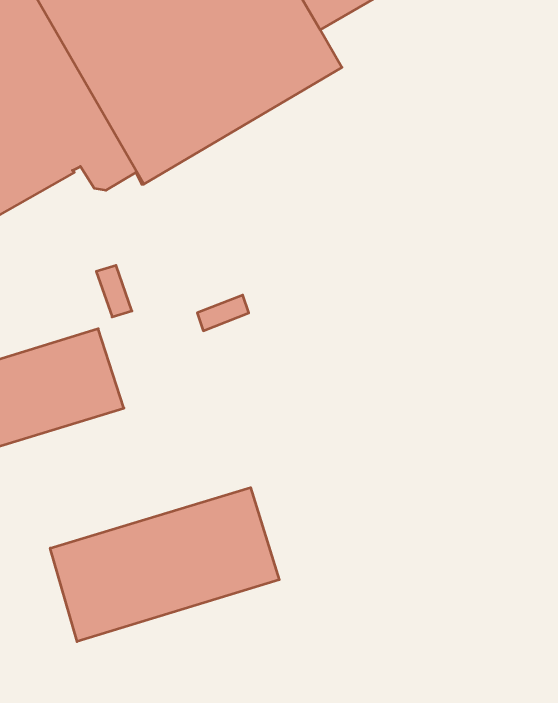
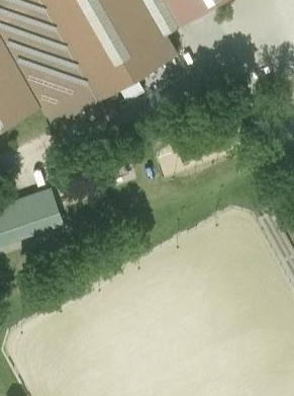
building: [50,488,279,642] -> none

